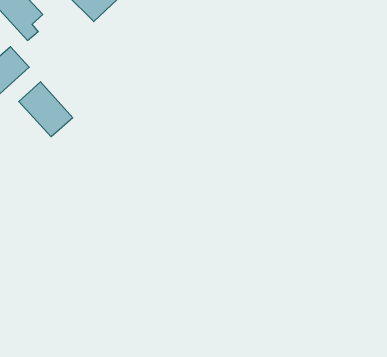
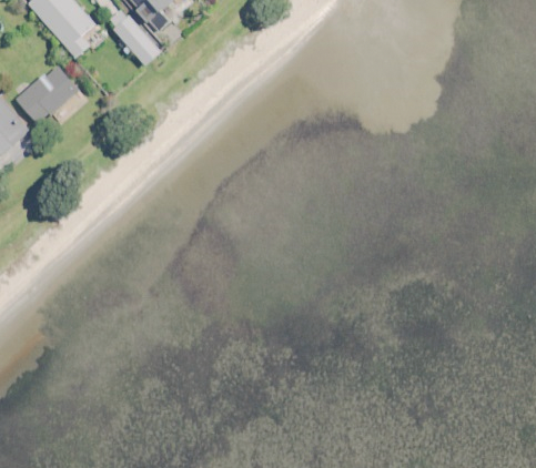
building: none -> [113,14,160,63]
building: [19,82,73,137] -> none

